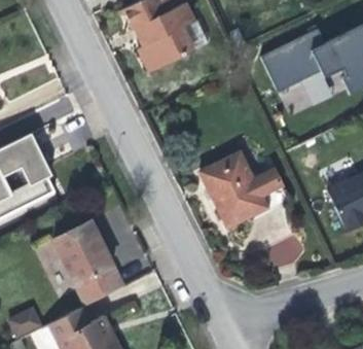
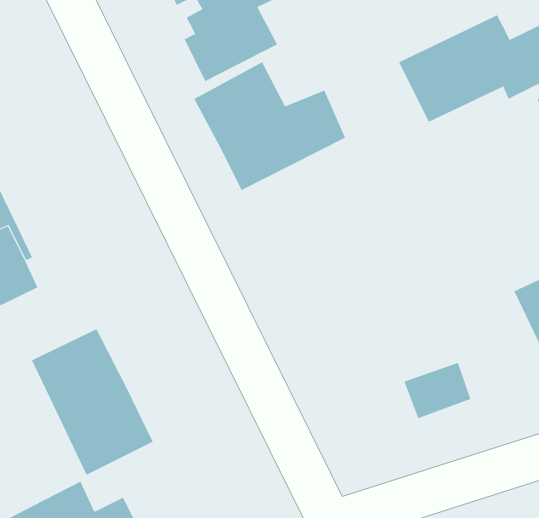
building: [204,151,292,226] -> [193,61,346,191]

